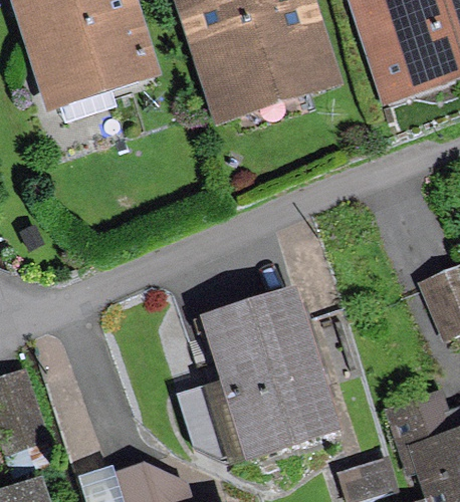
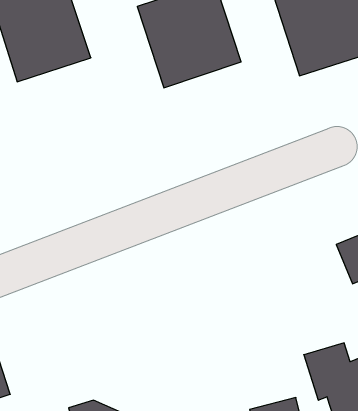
building: [178,307,331,465] -> none

